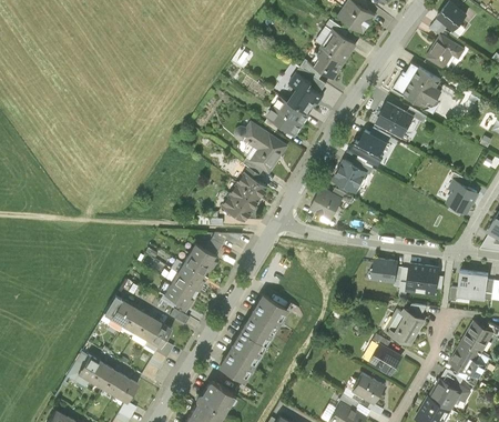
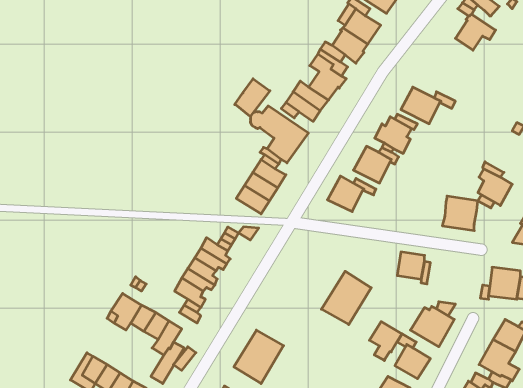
building: [393,62,441,107] -> none
building: none -> [235,79,270,116]
building: [406,262,439,294] -> [442,196,478,231]
building: [241,294,287,344] -> [321,271,371,325]
building: none -> [369,322,402,361]

